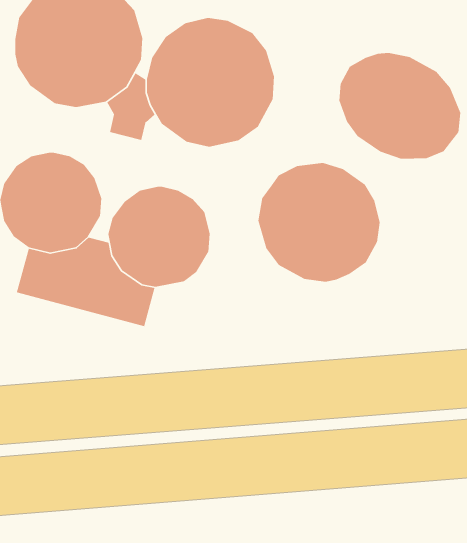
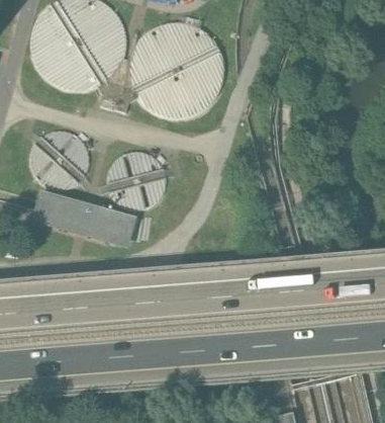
building: [339,52,461,160] -> none
building: [257,162,381,283] -> none

